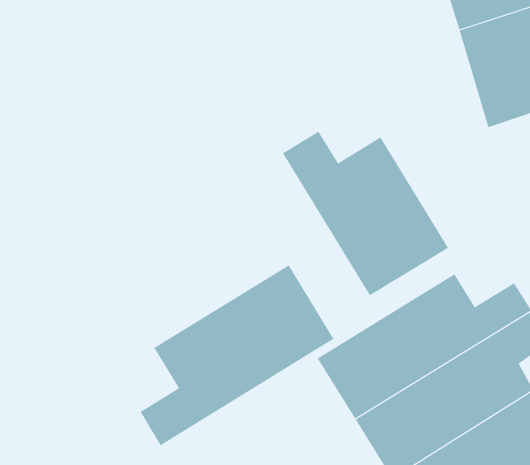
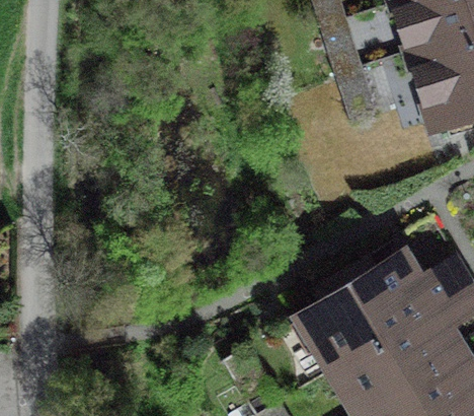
building: [282,131,449,296] -> none
building: [140,264,334,446] -> none

